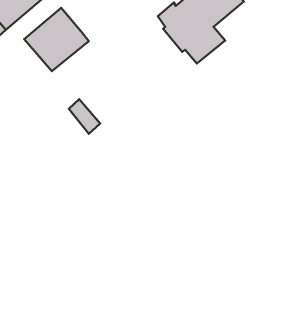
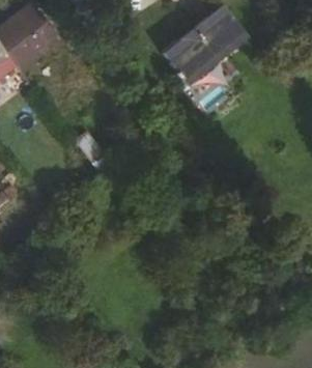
building: [24,8,89,71] -> none

